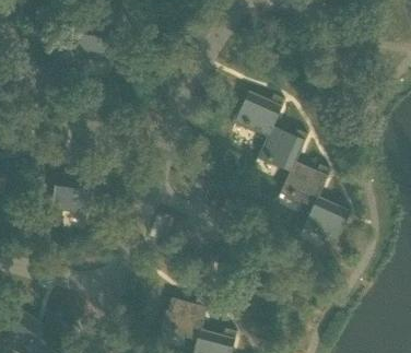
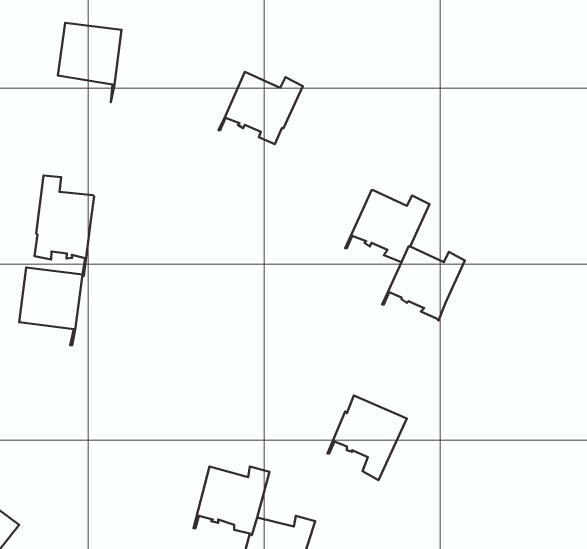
building: [232,94,284,139] -> [218,72,303,144]
building: none -> [34,176,94,276]
building: [301,199,350,251] -> [327,396,407,480]

